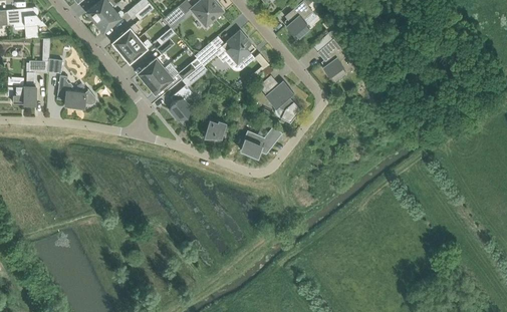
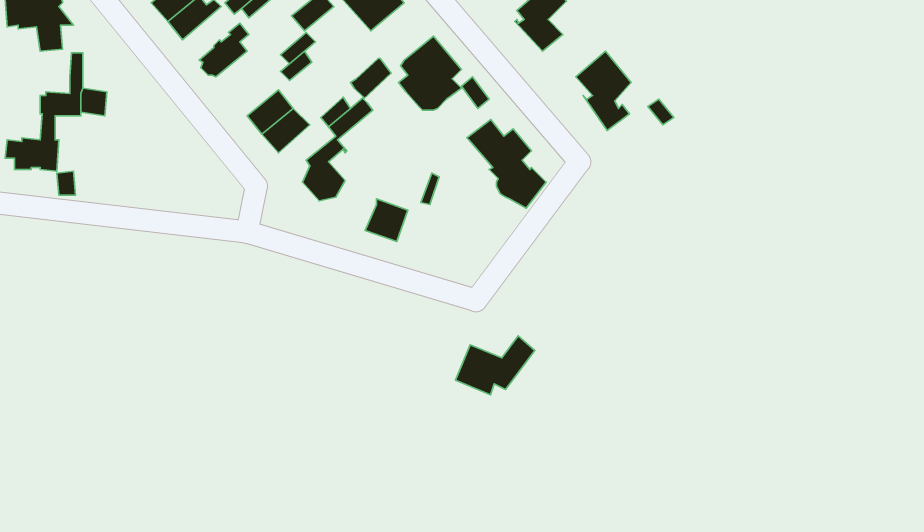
building: [121,38,153,62] -> none
building: [57,75,96,108] -> none
building: [239,125,282,158] -> [456,336,535,395]

